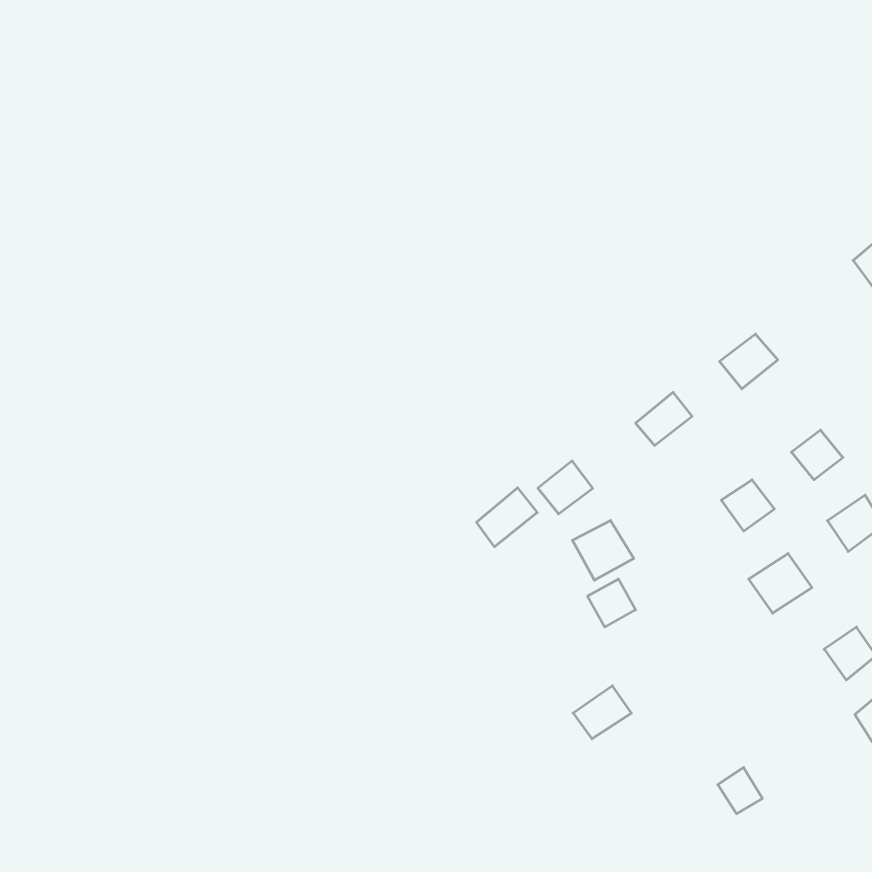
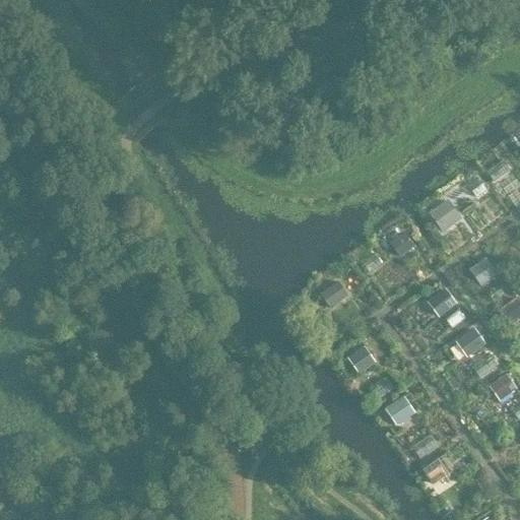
building: [477,488,537,547] -> none
building: [572,520,634,580] -> none
building: [573,686,631,739] -> [383,396,417,428]

